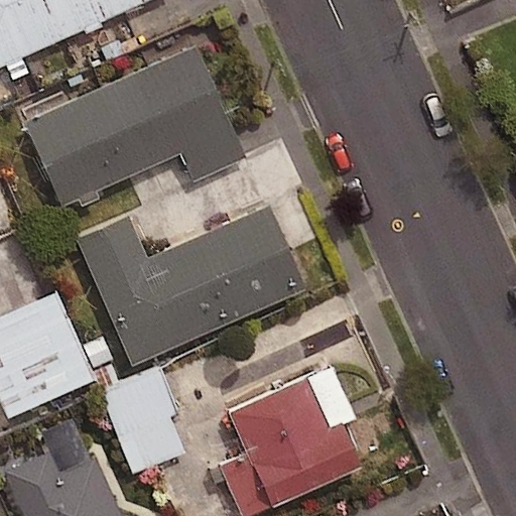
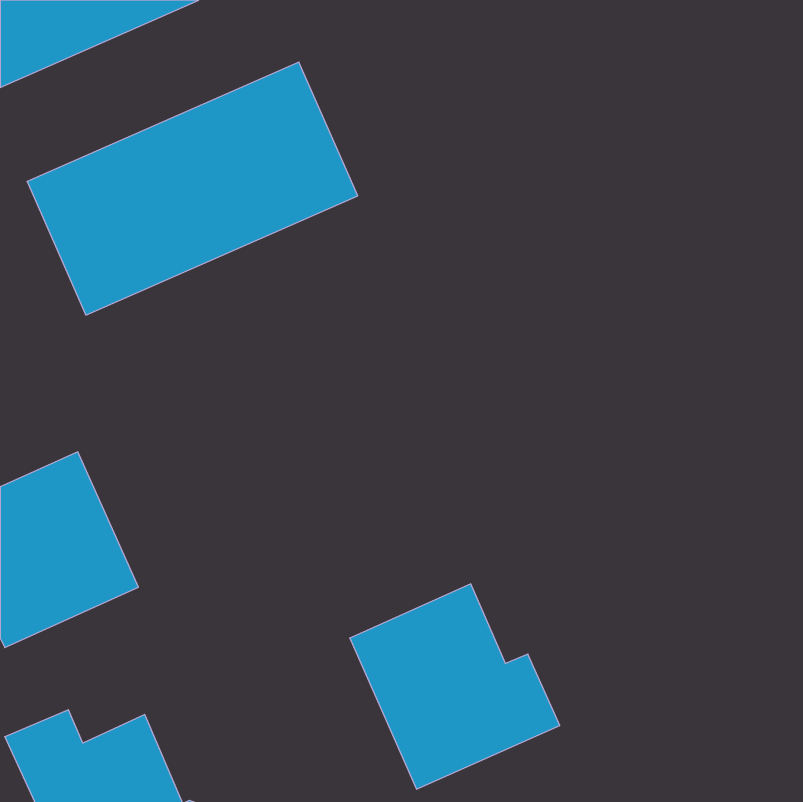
building: [76,205,306,366] -> none
building: [102,371,184,474] -> none

